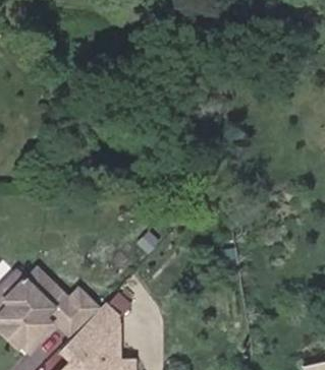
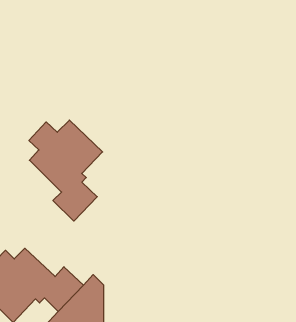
building: none -> [29,120,103,221]

